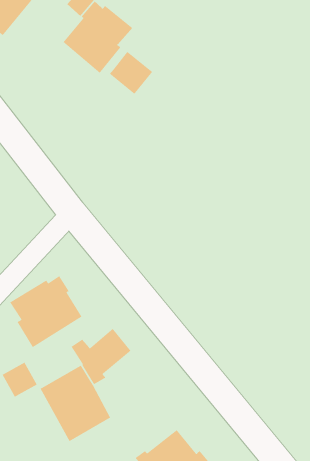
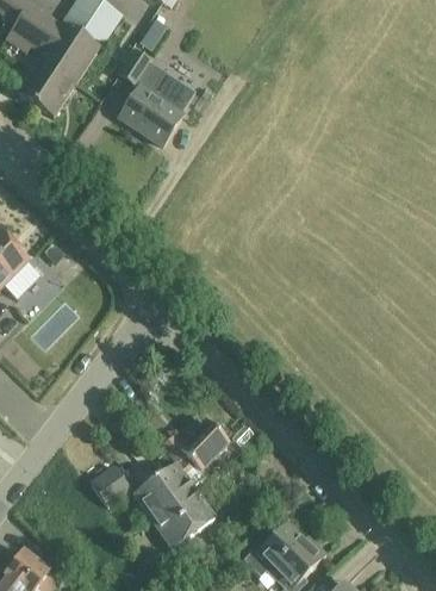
building: [109,51,153,95] -> none
building: [9,275,83,348] -> none

